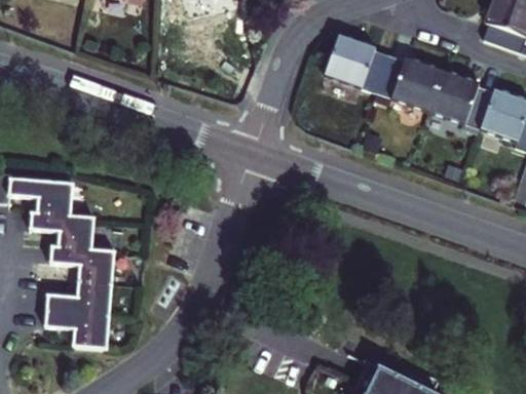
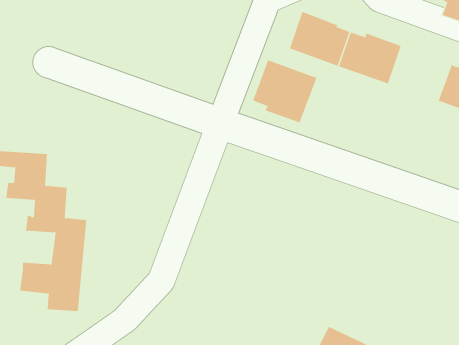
building: [429,70,494,127] -> none
building: none -> [253,60,317,123]

